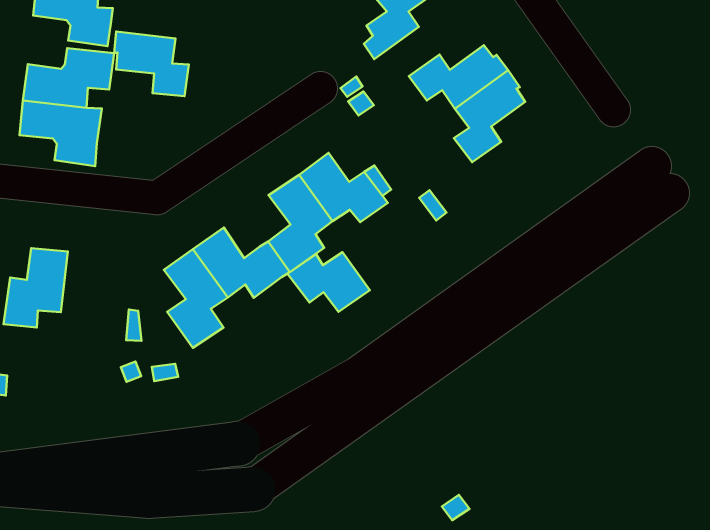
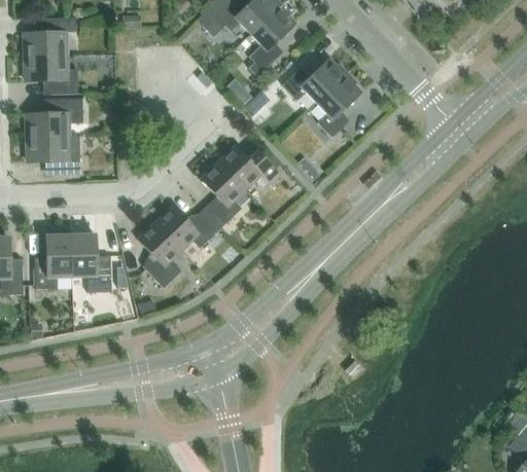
building: [114,31,189,96] -> none
building: none -> [71,233,112,292]
building: [288,252,370,312] -> none

